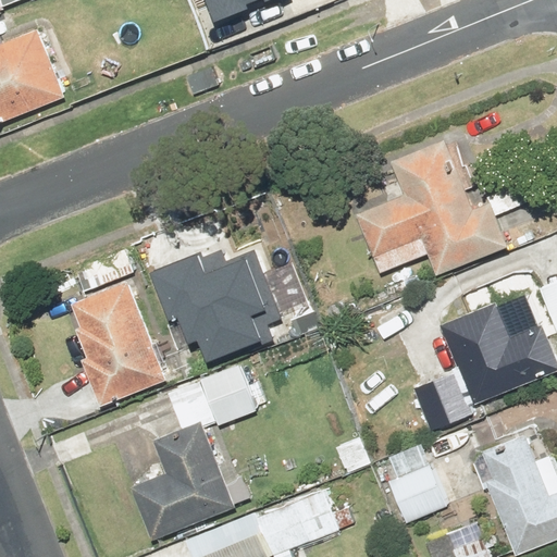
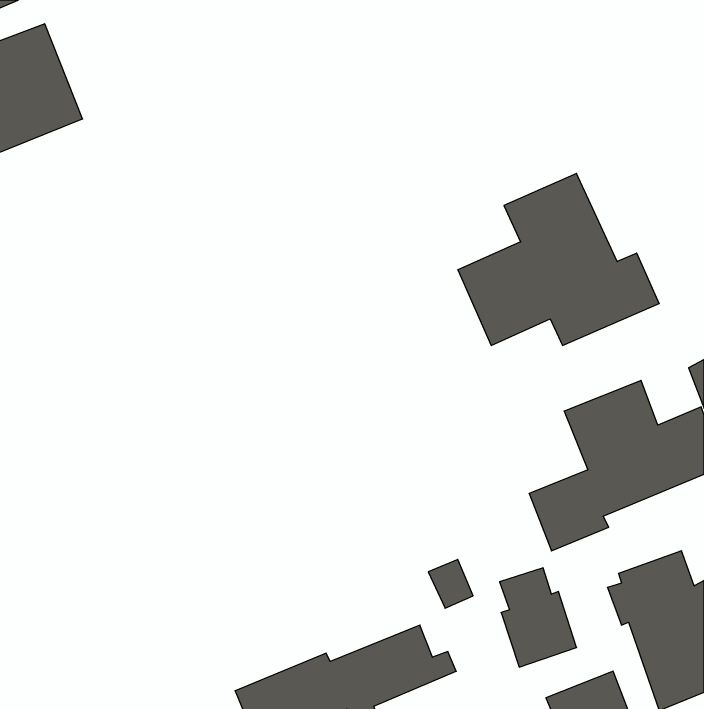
building: [149,237,271,357] -> none
building: [72,281,165,406] -> none
building: [127,363,259,542] -> none

